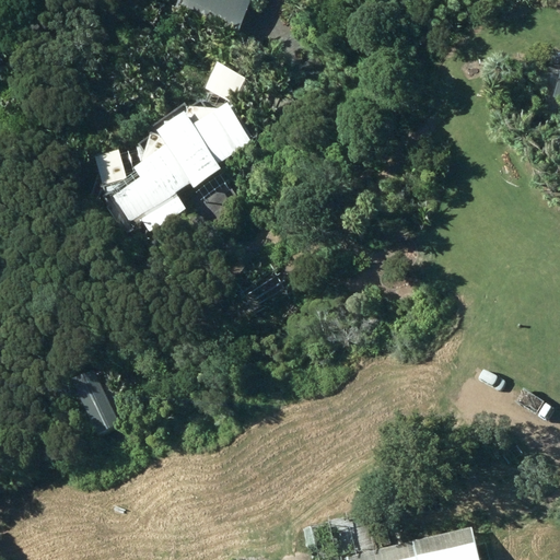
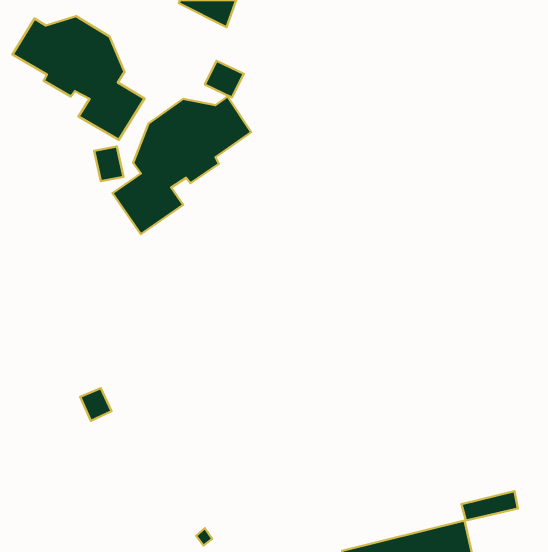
building: none -> [13,16,145,140]

